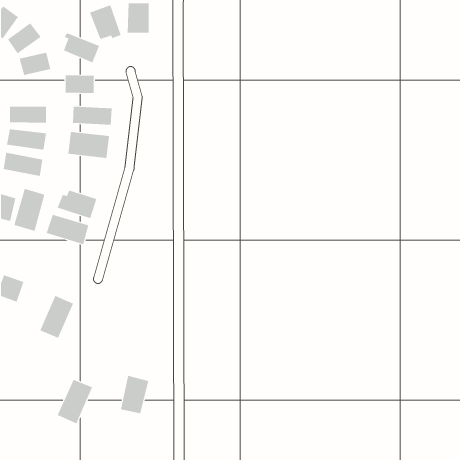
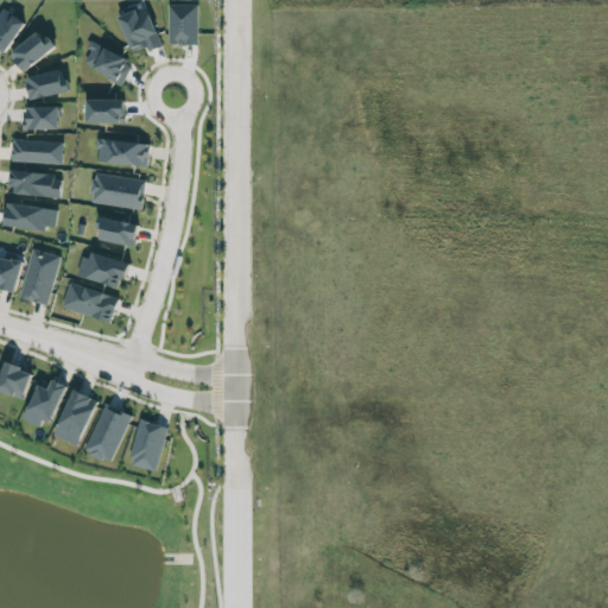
building: none -> [24,106,58,129]
building: none -> [96,215,138,247]
building: none -> [23,380,64,426]
building: [120,375,149,414] -> [128,419,166,470]
building: [57,379,93,424] -> [83,404,131,463]

